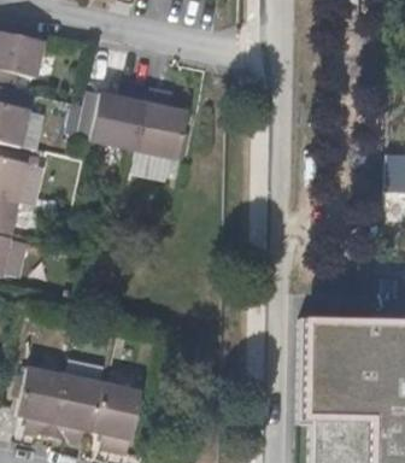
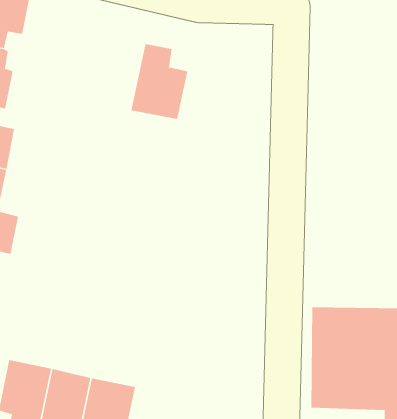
building: [80,77,149,145] -> none

